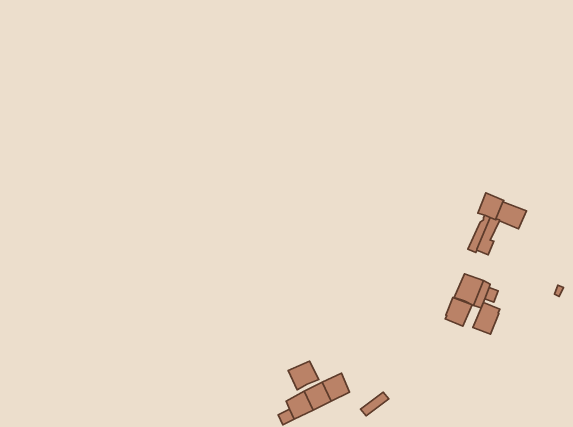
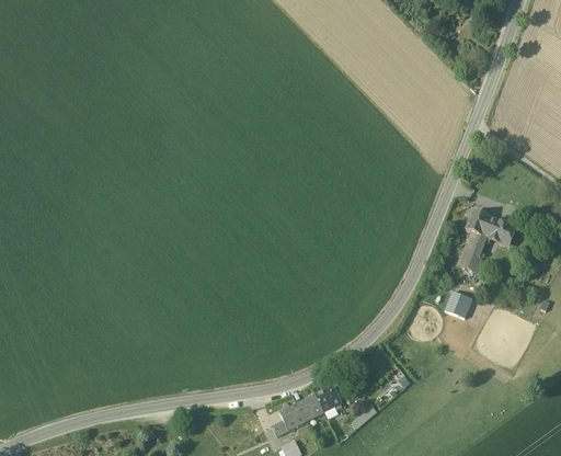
building: [445,297,472,326] -> none
building: [473,303,500,334] -> none
building: [288,361,319,390] -> none

